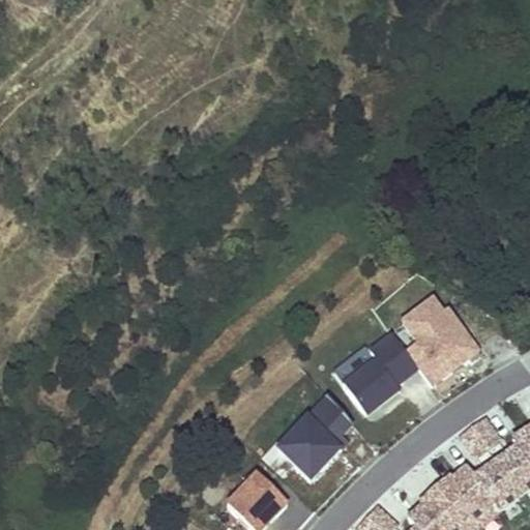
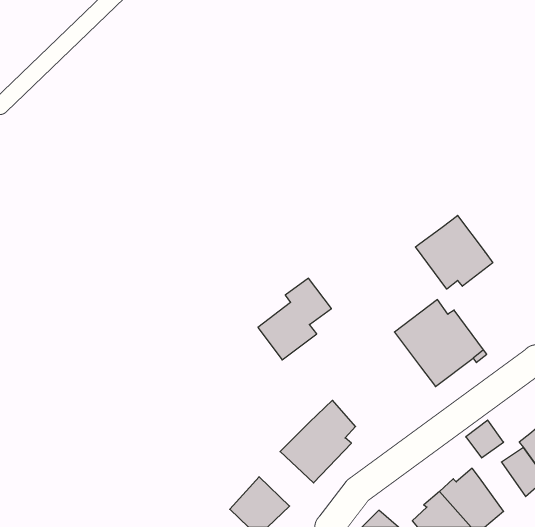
building: none -> [415,215,493,289]
building: [344,332,416,413] -> [258,278,331,360]
building: [474,457,520,505] -> none

